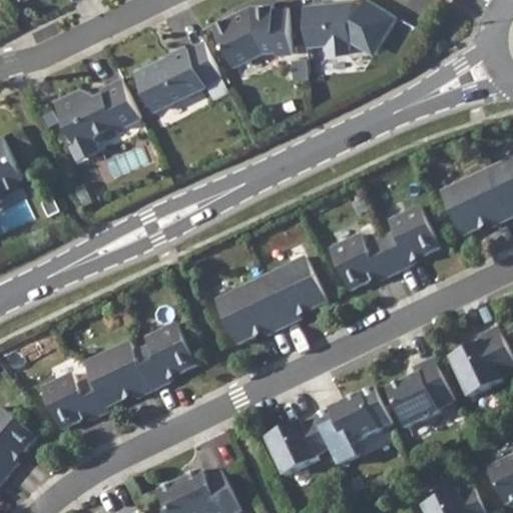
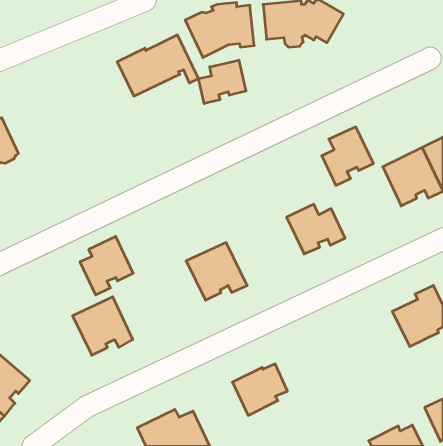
building: none -> [198,60,246,104]
building: [54,77,140,158] -> none
building: [380,206,439,274] -> [322,127,373,185]
building: [260,256,326,328] -> none
building: [134,323,195,390] -> [80,236,133,295]
building: [386,359,455,429] -> none
building: [40,374,107,431] -> none
building: [316,393,380,449] -> none

